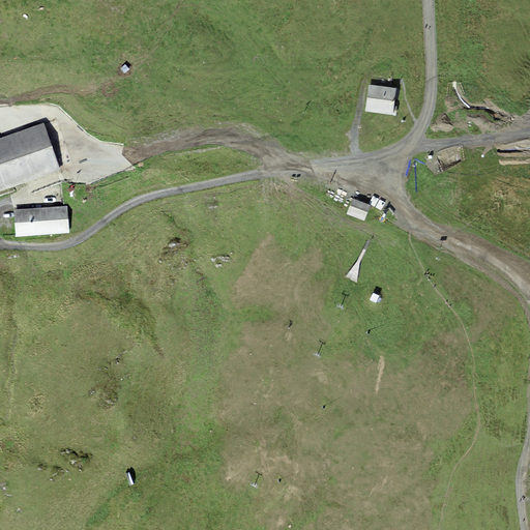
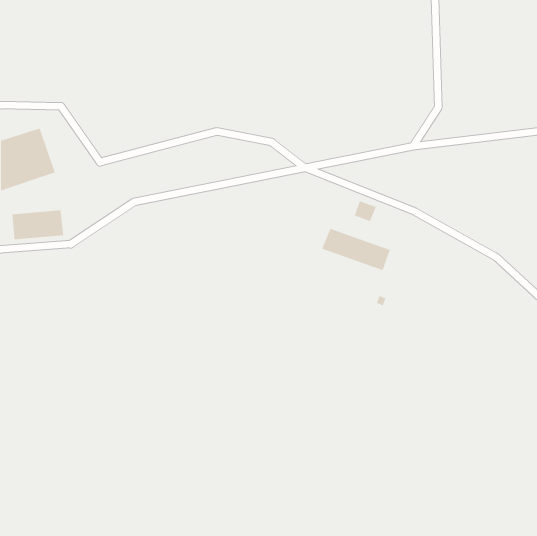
building: [366,83,398,113] -> none
building: none -> [321,228,391,271]

